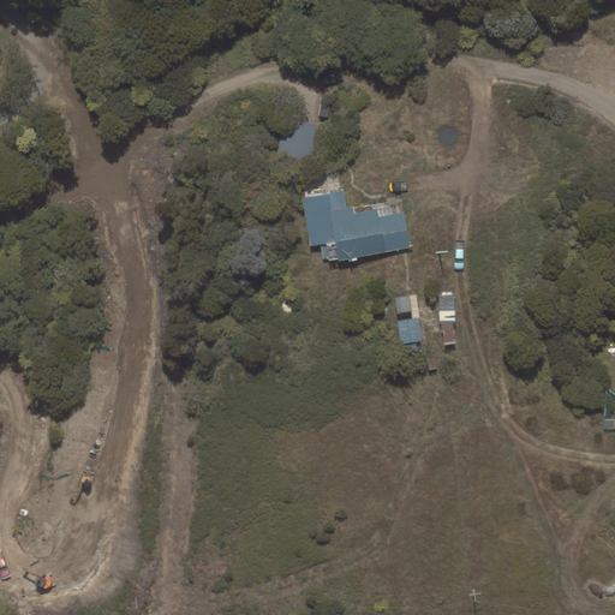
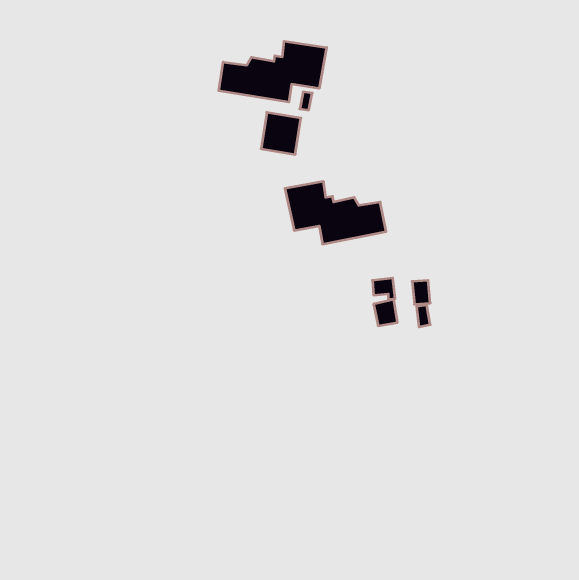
building: none -> [219,41,327,102]

